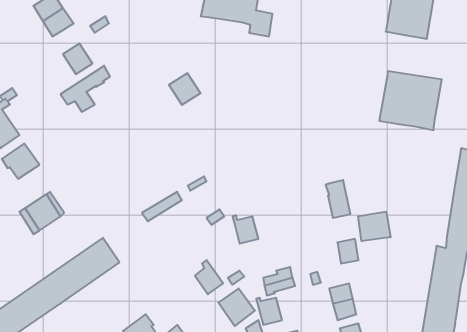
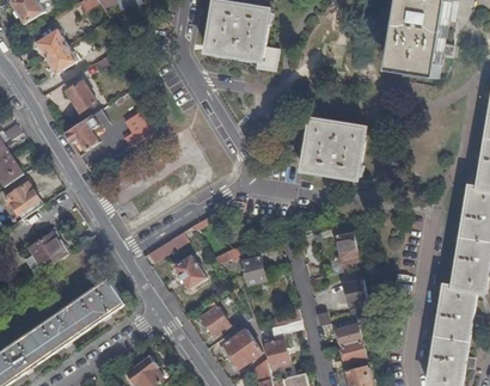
building: [379,71,442,130] -> [302,120,366,179]
building: [169,73,201,105] -> [124,110,157,142]
building: [358,212,391,241] -> none
building: none -> [173,255,206,289]

